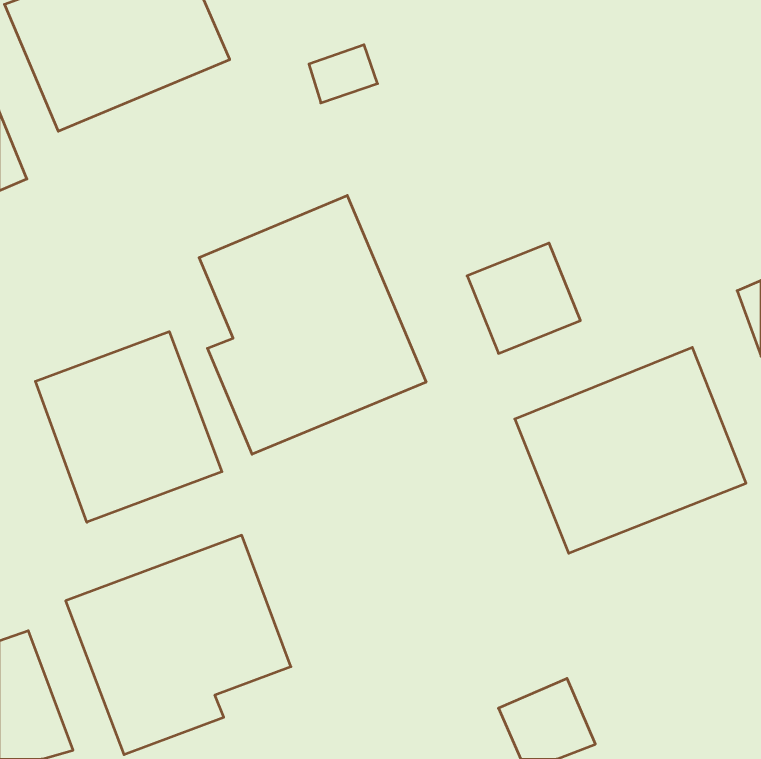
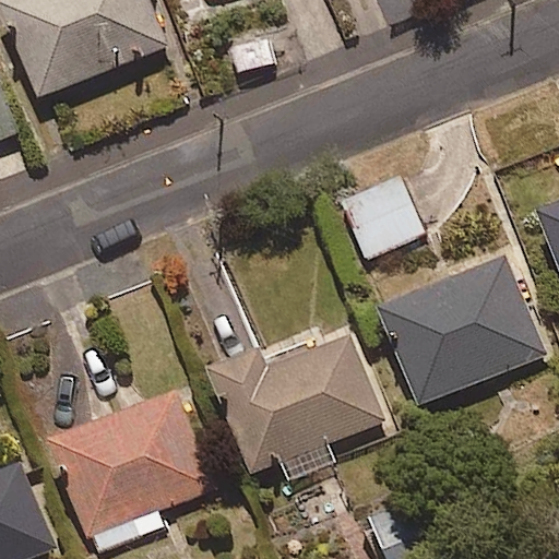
building: [199,195,426,454] -> none
building: [35,332,222,522] -> none
building: none -> [207,332,385,479]

